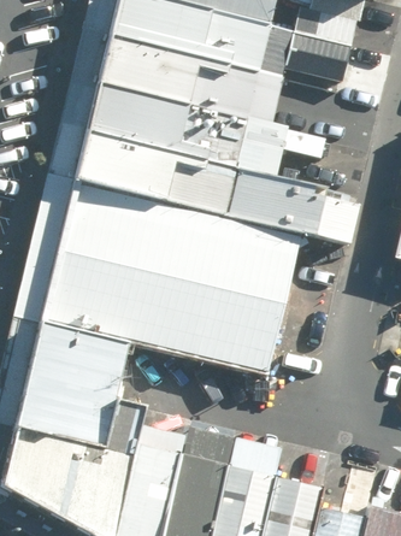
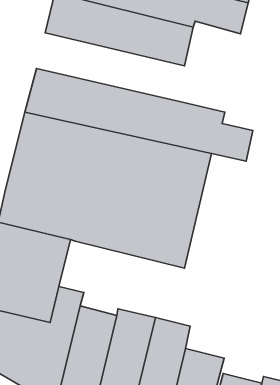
building: [87,83,325,171] -> none

